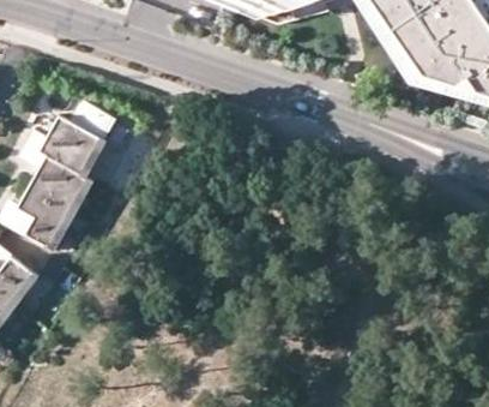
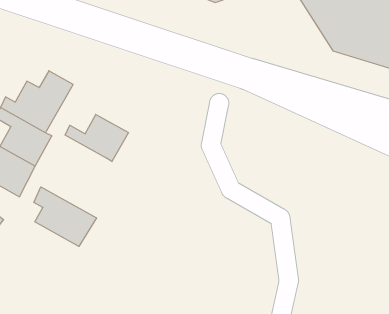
building: none -> [65,114,128,162]
building: none -> [34,187,96,246]

